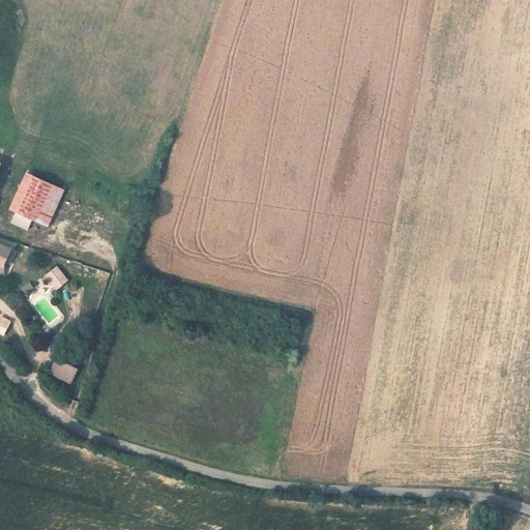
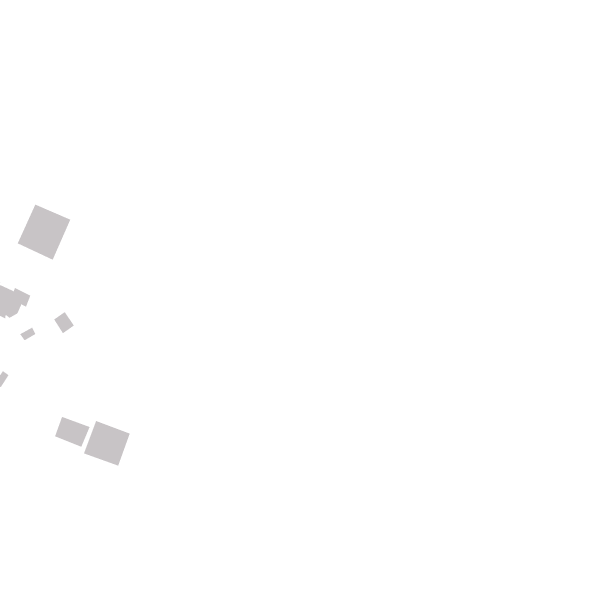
building: none -> [83,420,131,466]

